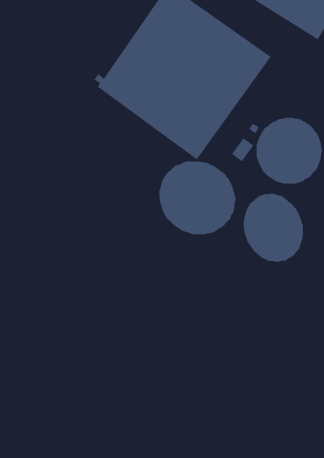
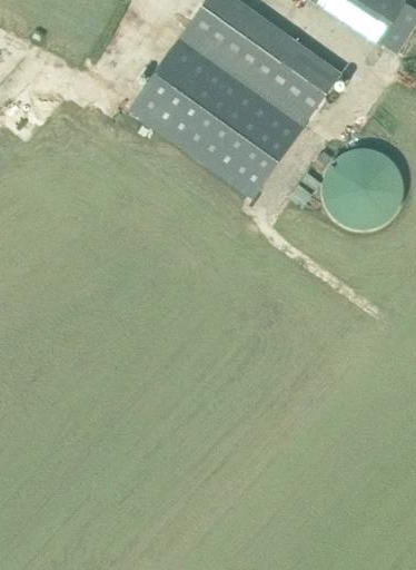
building: [159,161,236,235] -> none
building: [243,193,304,262] -> none

